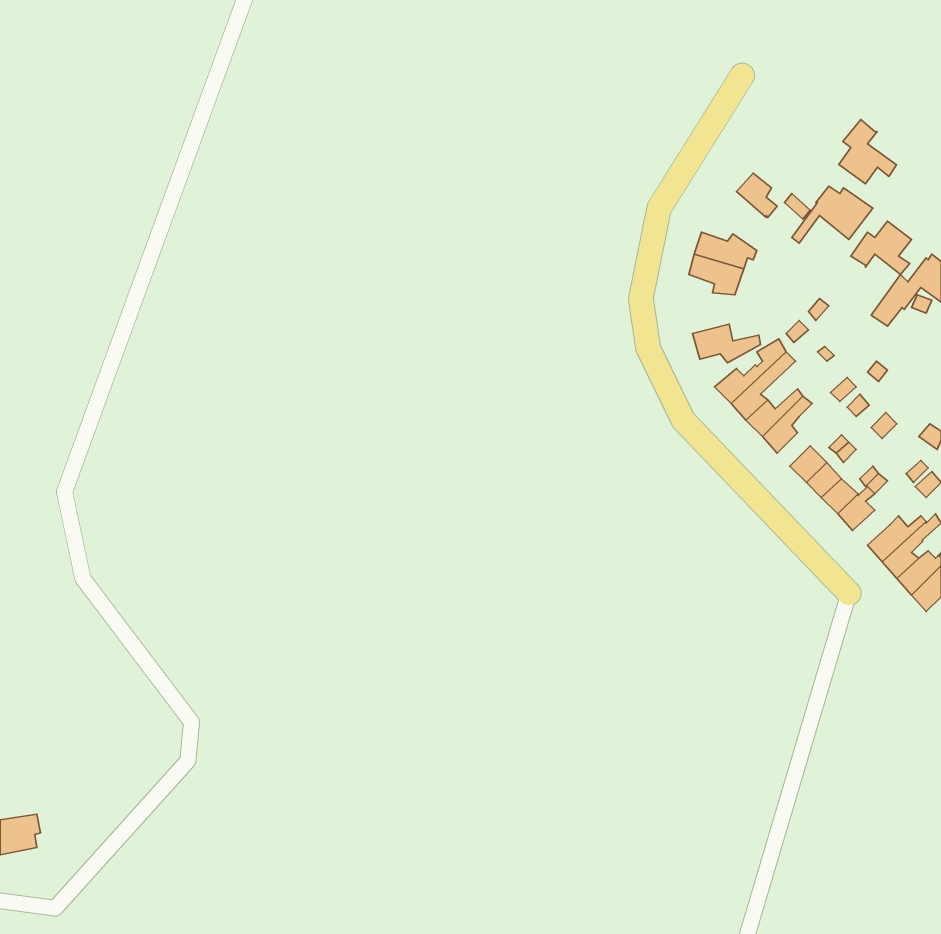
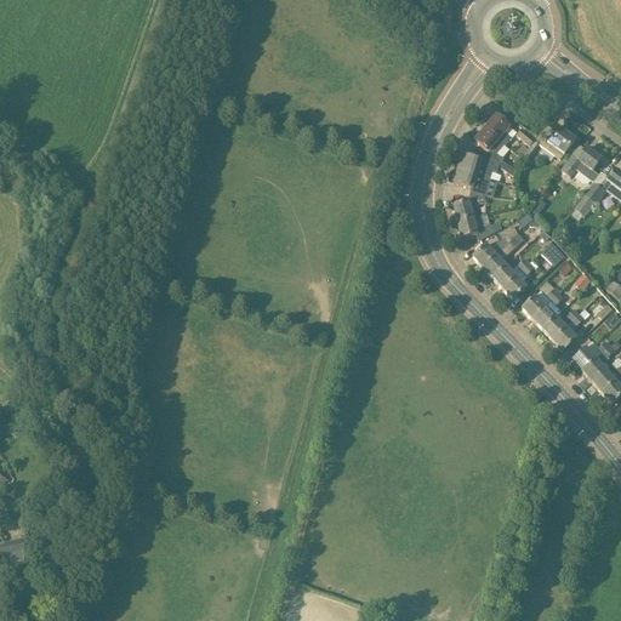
building: [839,119,897,184] -> none
building: none -> [474,126,505,165]
building: none -> [452,193,486,220]

